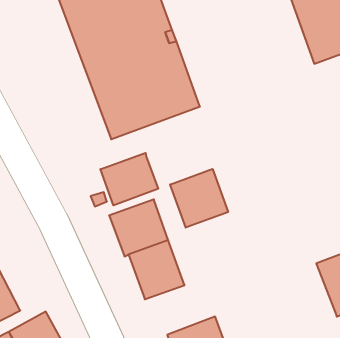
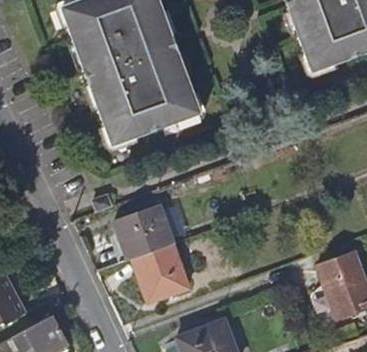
building: [100,153,158,205] -> none
building: [170,169,228,228] -> none

